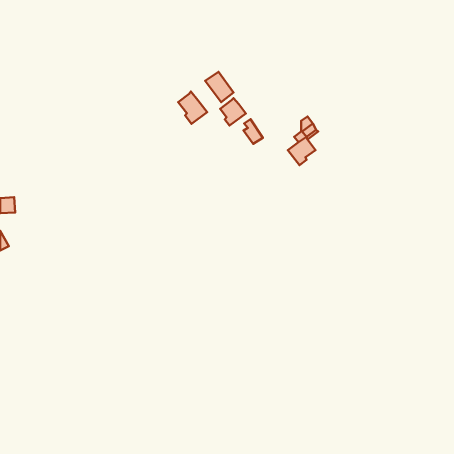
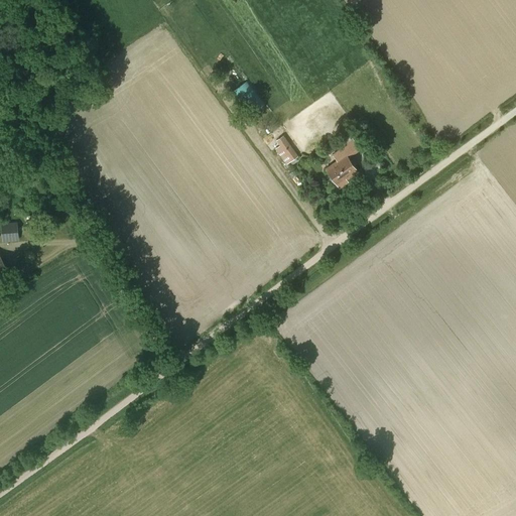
building: [178,91,207,124] -> none
building: [220,98,246,125] -> none

